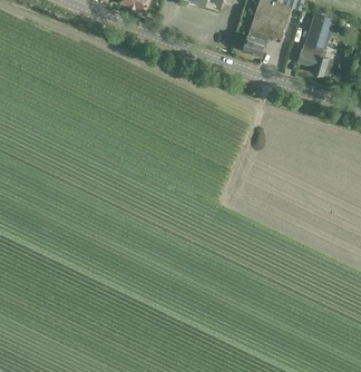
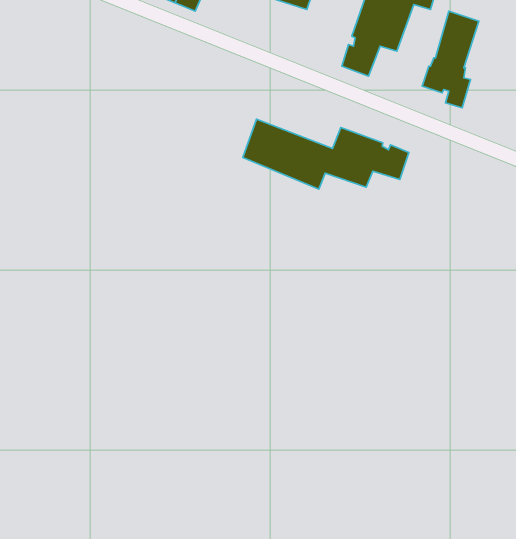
building: none -> [243,119,409,189]

